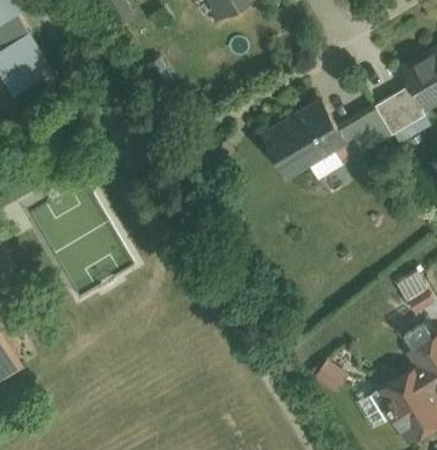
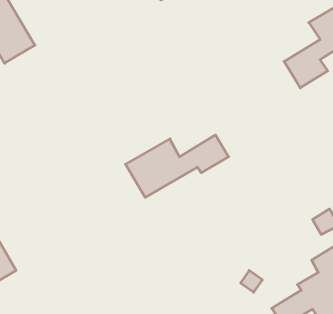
building: [257,99,389,179] -> [125,135,229,197]

